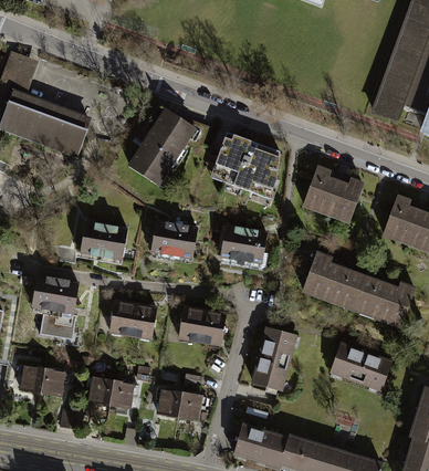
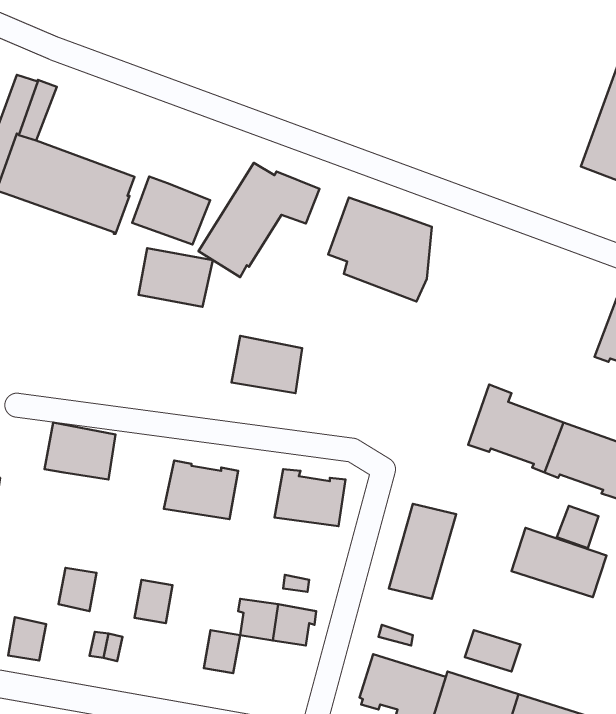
building: none -> [132,176,210,244]
building: [304,168,363,221] -> none
building: [80,222,127,260] -> [139,248,213,307]
building: [221,227,266,264] -> none
building: [40,308,76,339] -> none
building: none -> [557,506,598,548]
building: [21,365,45,392] -> [8,617,46,661]
building: [109,380,133,408] -> [204,630,240,673]
building: none -> [465,630,521,672]

